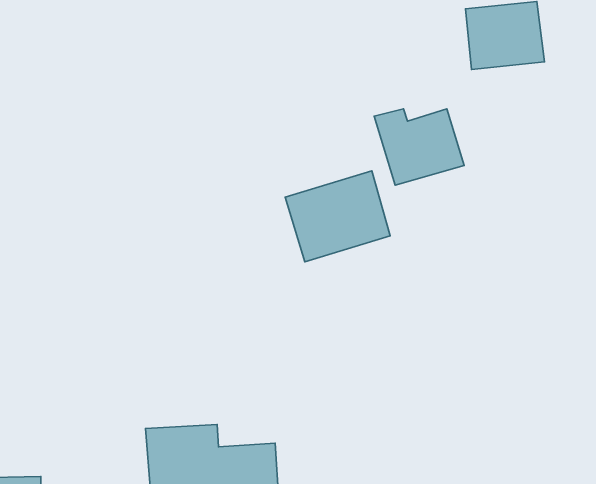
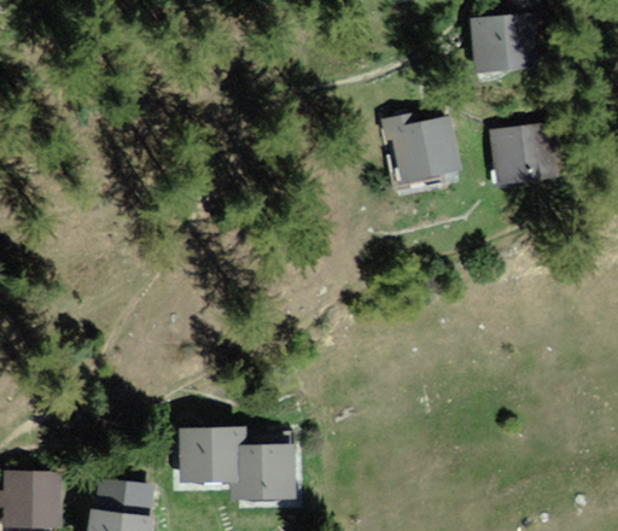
building: none -> [488,117,559,185]
building: [285,171,390,262] -> none

